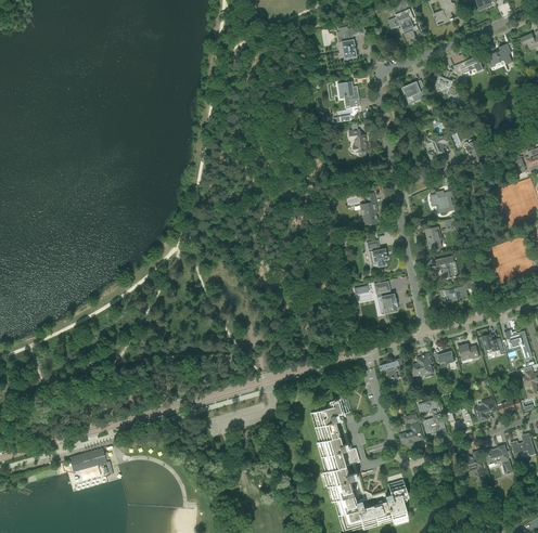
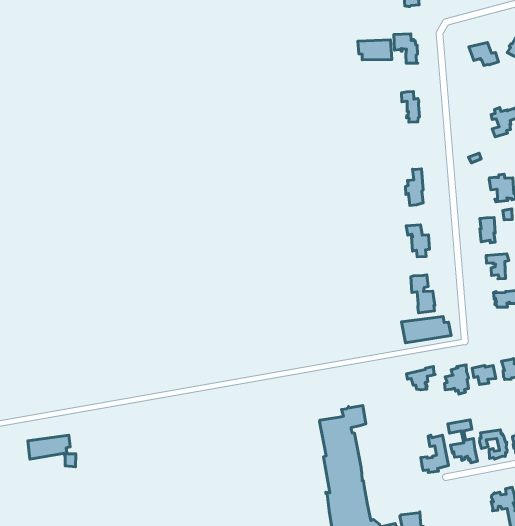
building: none -> [358,40,392,60]
building: none -> [401,316,451,343]

